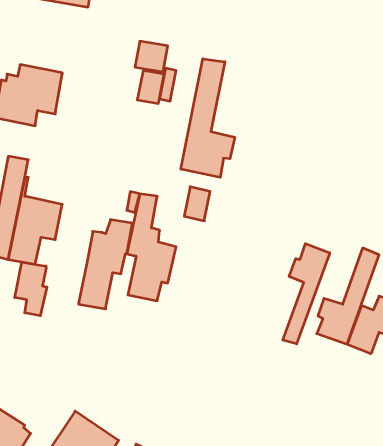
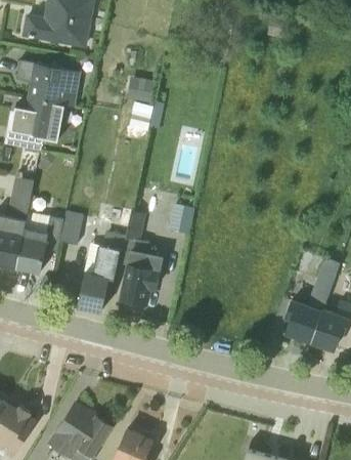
building: none -> [15,61,81,108]
building: [181,59,235,177] -> none
building: none -> [59,212,84,245]
building: [283,244,330,344] -> none
building: [15,262,47,316] -> none

